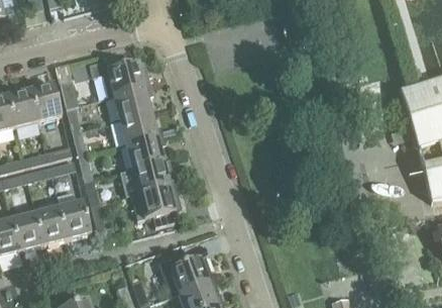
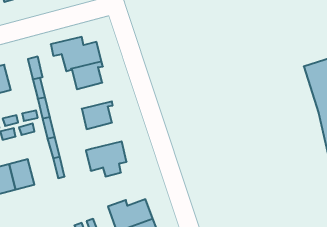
building: [30,83,62,120] -> none
building: [109,111,163,146] -> none
building: [132,161,176,193] -> none
building: [60,200,92,237] -> none

